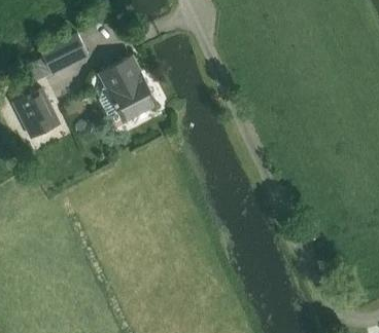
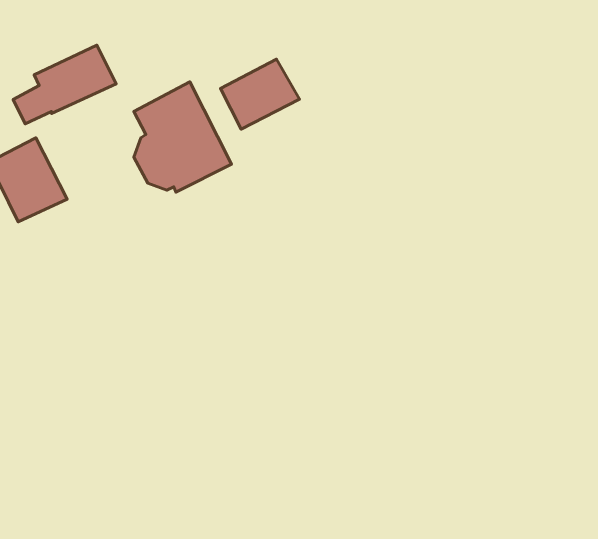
building: none -> [220,59,300,129]

